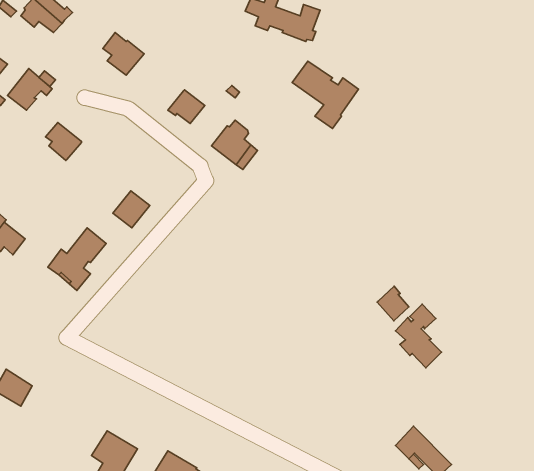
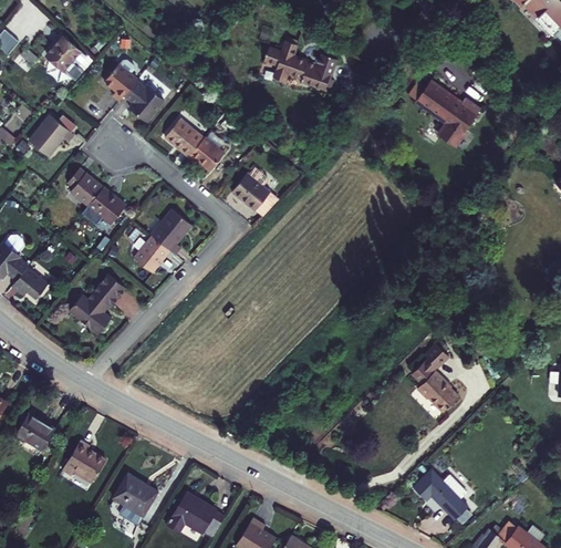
building: none -> [104,63,137,100]
building: [292,61,358,128] -> [415,80,480,146]
building: none -> [165,117,204,156]
building: none -> [89,188,126,224]
building: none -> [150,208,191,255]
building: [377,286,409,321] -> none
building: none -> [62,441,105,480]

